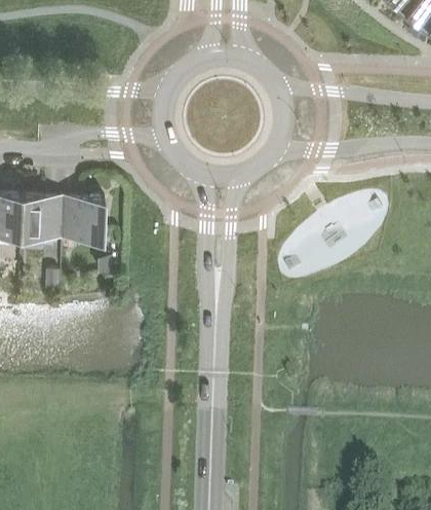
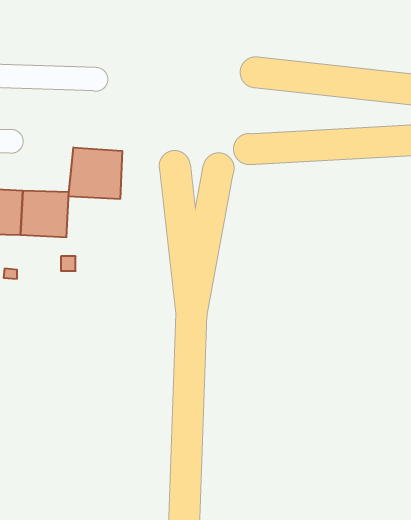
building: none -> [69,147,122,199]

